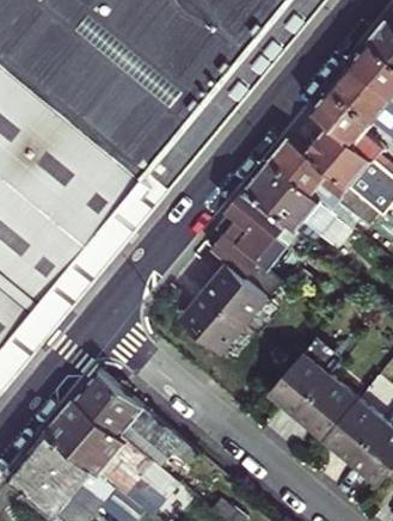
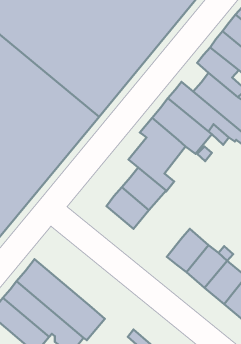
building: [74,369,199,465] -> none

